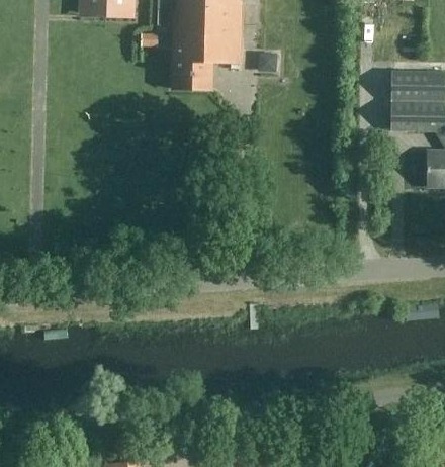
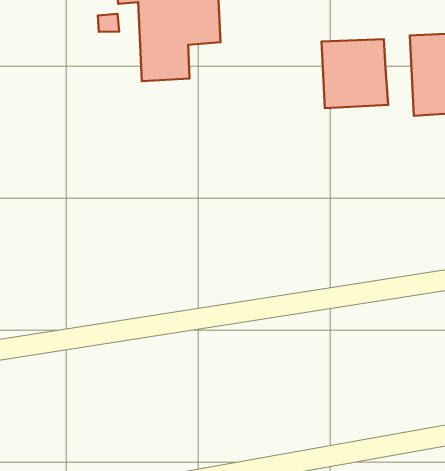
building: none -> [322,39,388,108]

